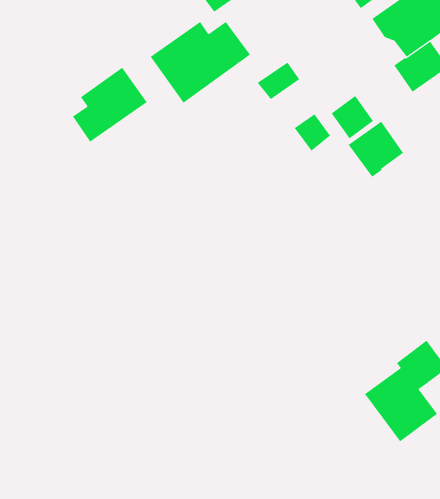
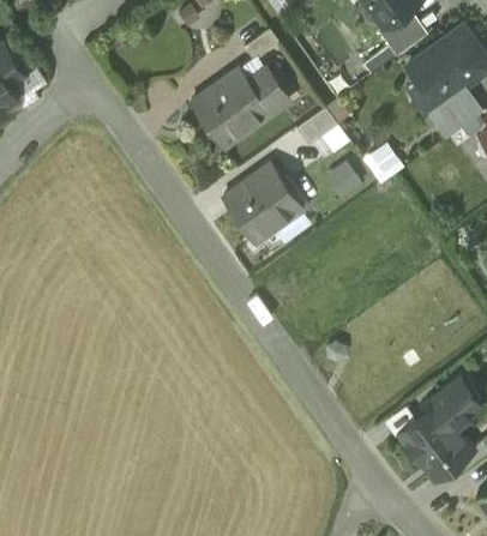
building: [72,67,148,142] -> none
building: none -> [222,163,303,243]
building: [348,121,404,178] -> none

